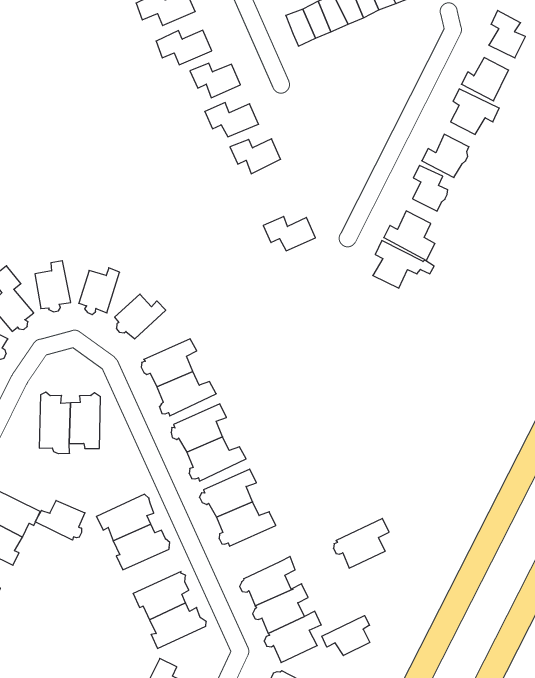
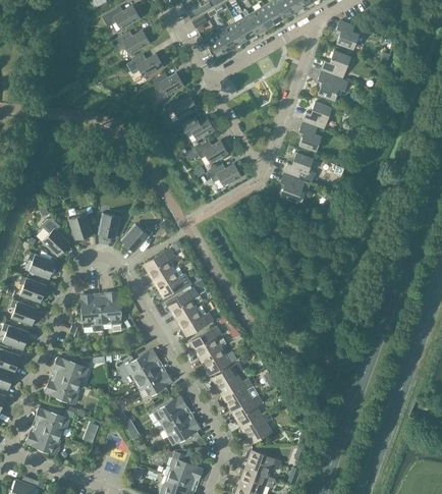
building: none -> [195,140,228,162]
building: [35,500,85,540] -> none
building: [333,518,389,568] -> [210,361,243,394]
building: [322,616,370,656] -> none

